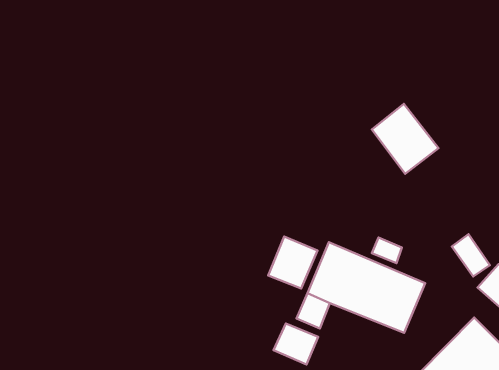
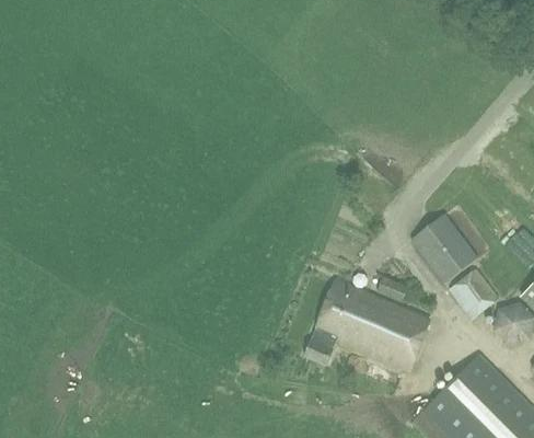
building: [372,104,438,174] -> [411,214,477,283]
building: [268,237,318,289] -> none
building: [274,324,318,365] -> none

